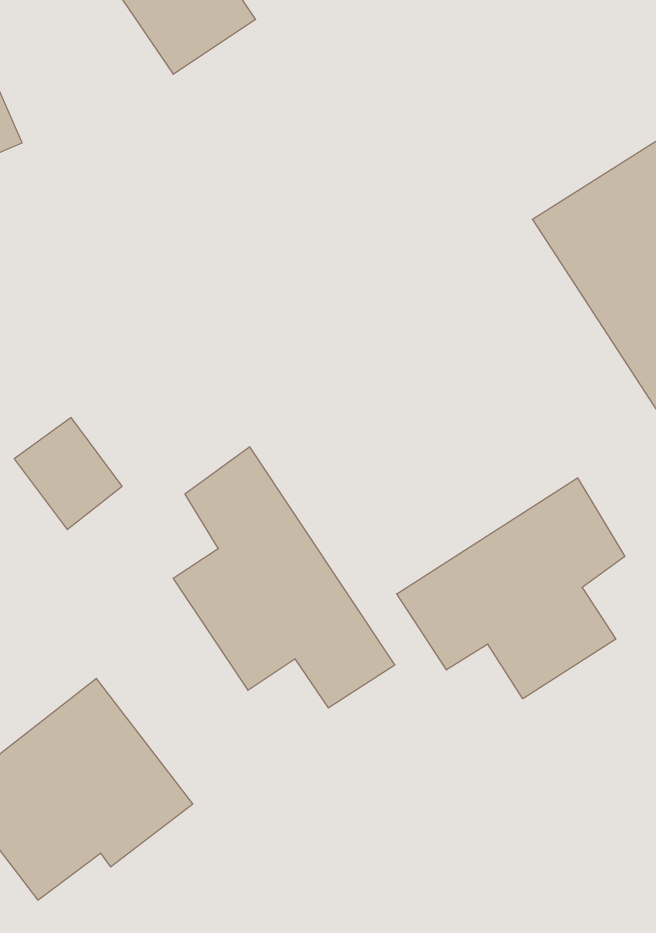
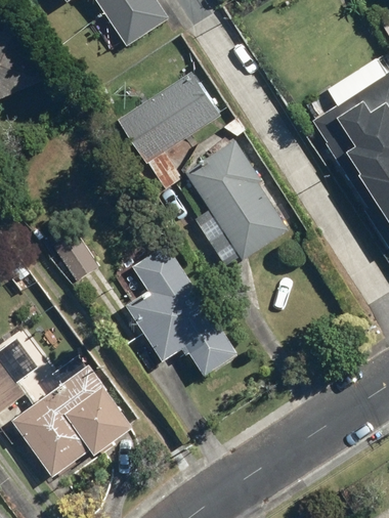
building: none -> [118,68,221,164]
building: none -> [186,139,291,268]
building: [397,478,625,699] -> none

